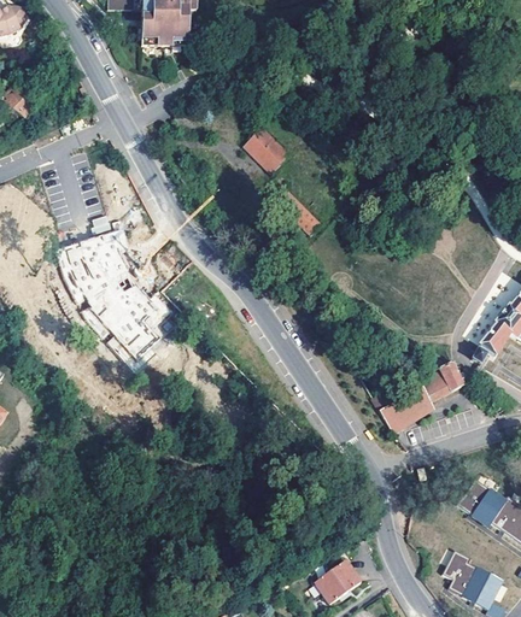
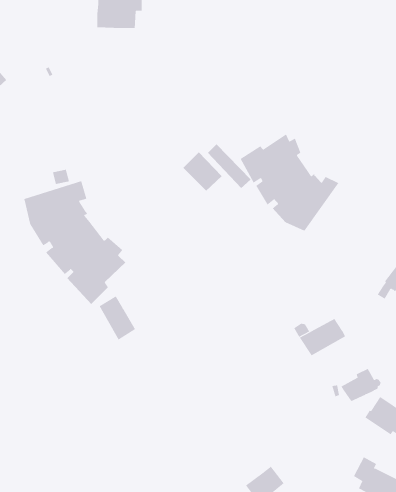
building: [245,125,292,172] -> [183,152,223,192]
building: none -> [240,134,339,231]
building: none -> [99,296,136,340]
building: [418,363,467,402] -> [340,368,382,402]

